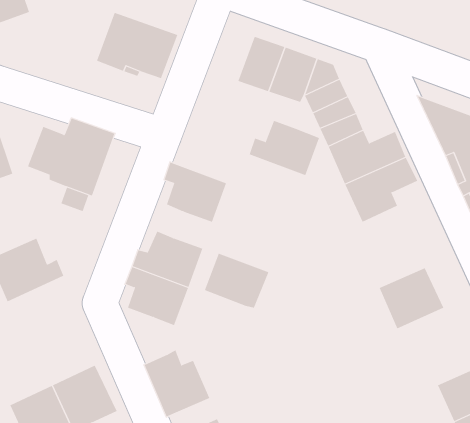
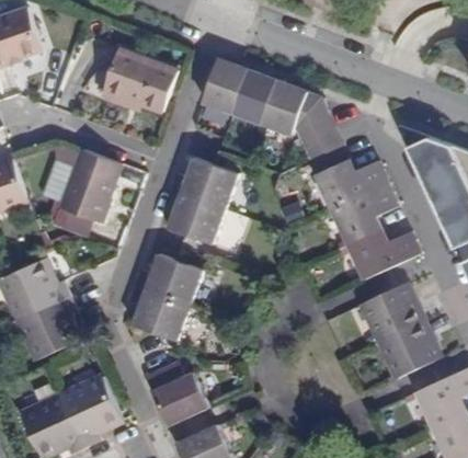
building: none -> [202,60,248,113]
building: [249,120,320,176] -> [170,156,236,207]
building: none -> [347,228,420,278]
building: [204,253,269,309] -> none
building: none -> [20,293,82,357]
building: none -> [379,322,440,379]

